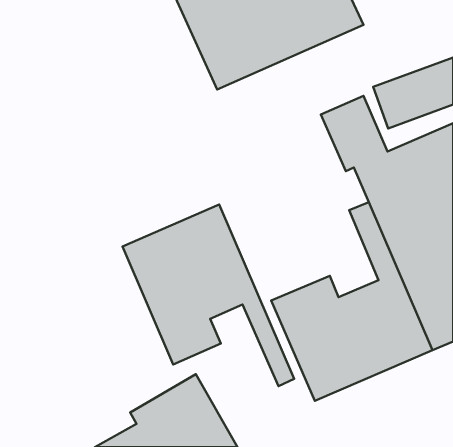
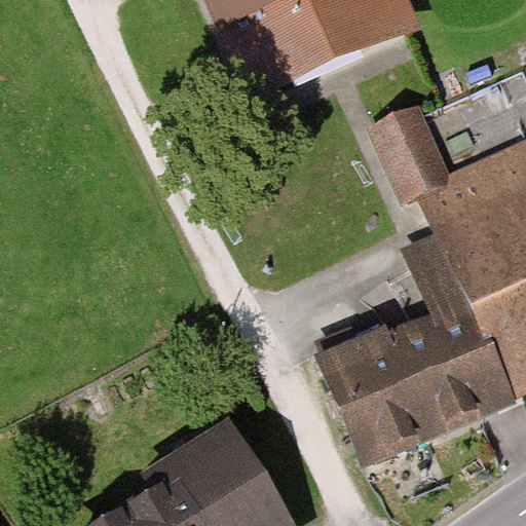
building: [123,205,294,386] -> none

